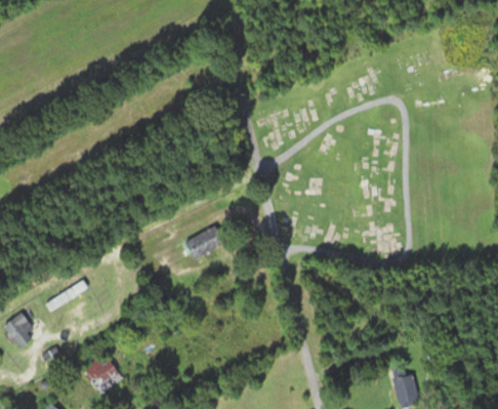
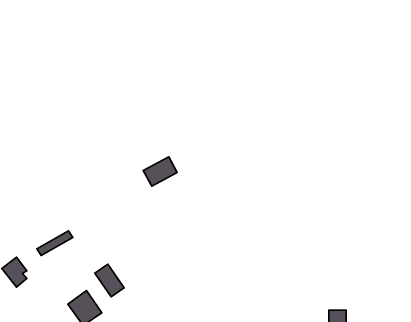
building: [183,224,224,259] -> [143,157,177,186]
building: none -> [95,264,124,297]

